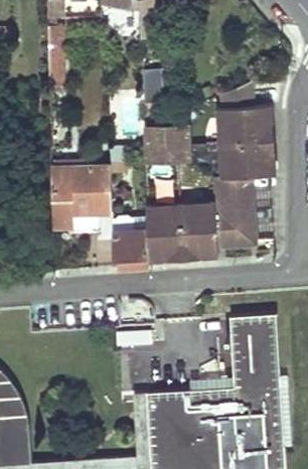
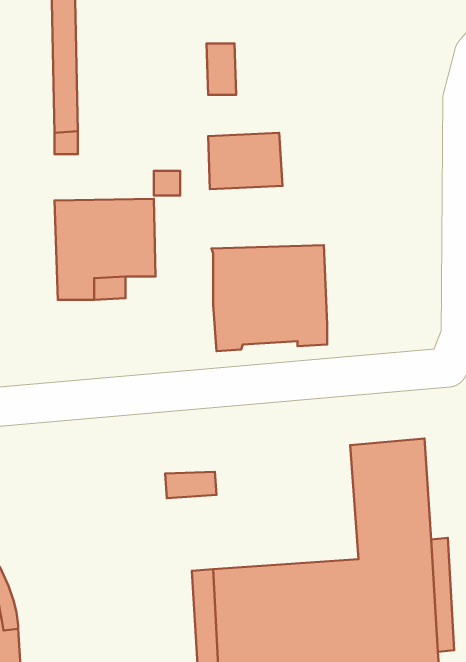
building: [220,86,273,246] -> none
building: [112,220,148,270] -> none

